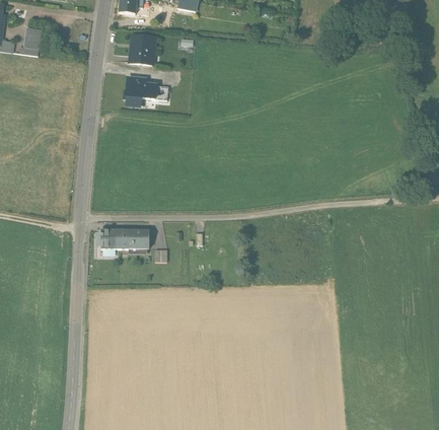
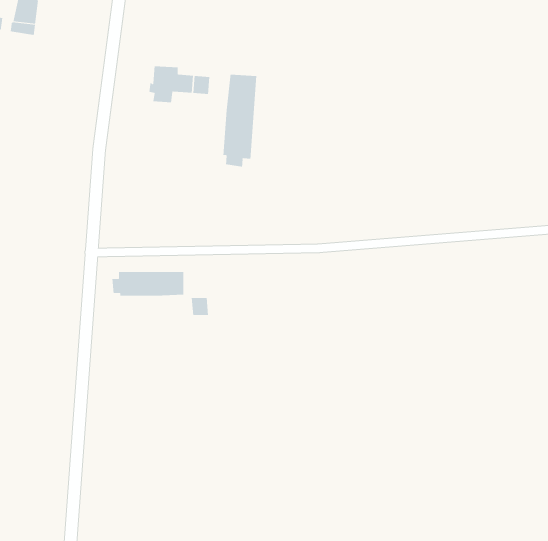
building: [129,34,155,63] -> none
building: none -> [223,74,257,168]

